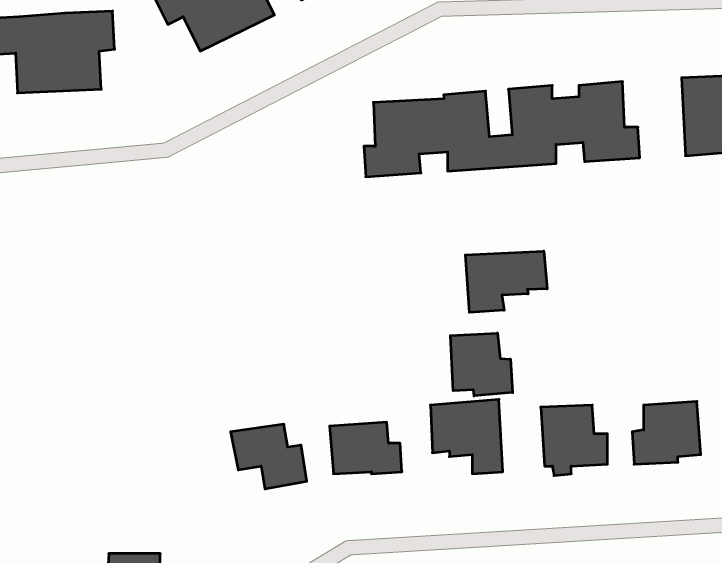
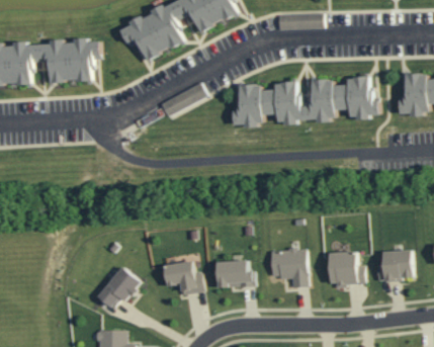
building: none -> [160,85,206,116]
building: [465,251,547,312] -> none
building: [450,333,513,396] -> none
building: none -> [94,264,138,307]

